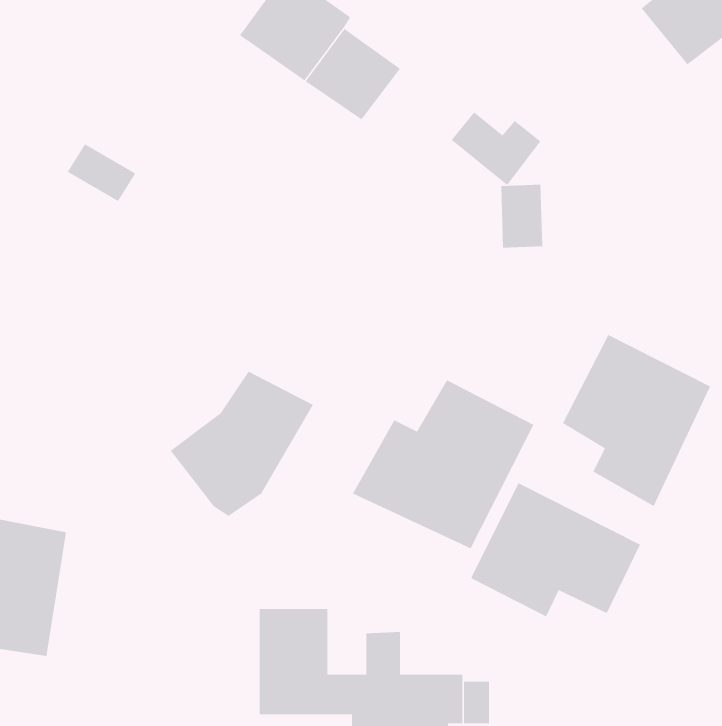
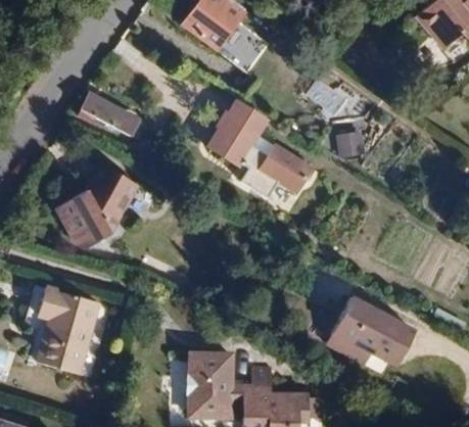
building: none -> [207,100,313,200]
building: [562,334,711,507] -> none
building: [170,371,314,517] -> [55,163,138,247]
building: [352,379,534,549] -> none

